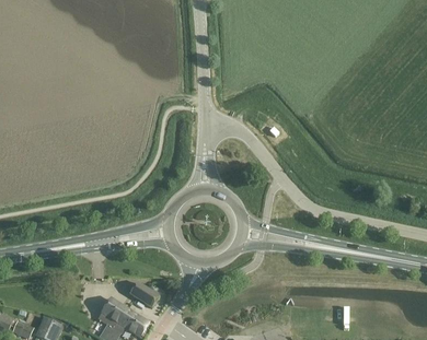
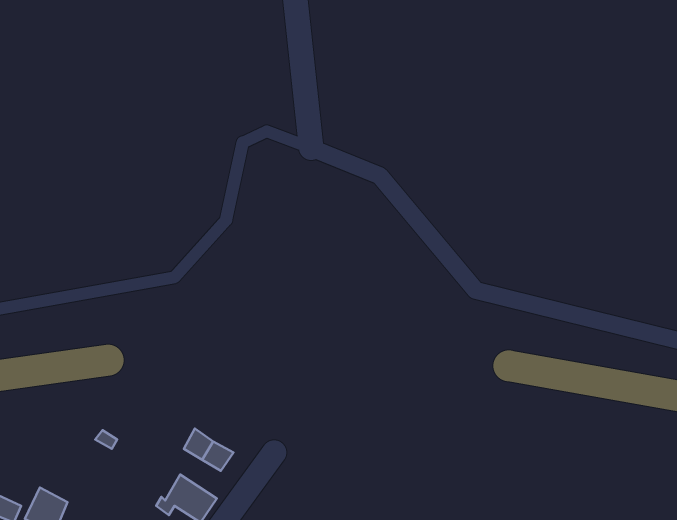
building: [97,297,127,327] -> none

